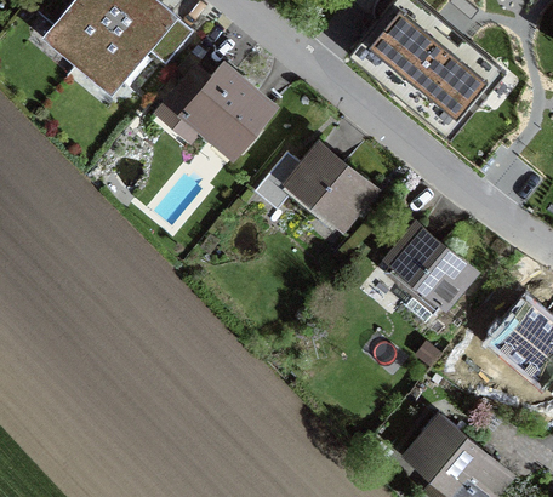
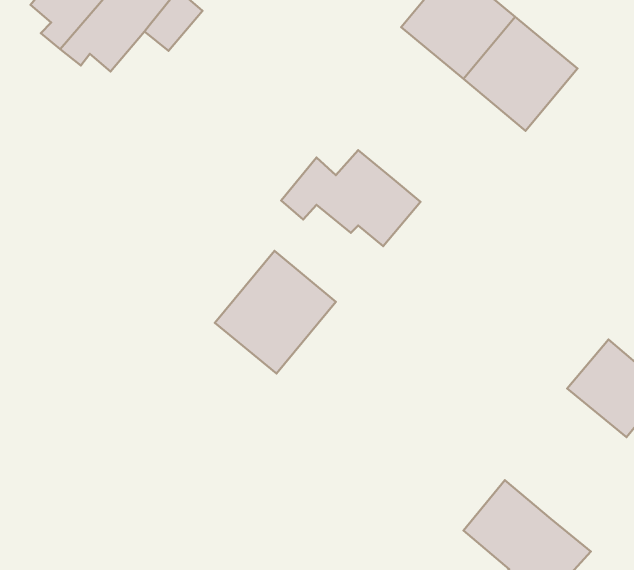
building: [153,64,280,167] -> none
building: [386,227,472,322] -> none
building: none -> [215,251,336,374]

